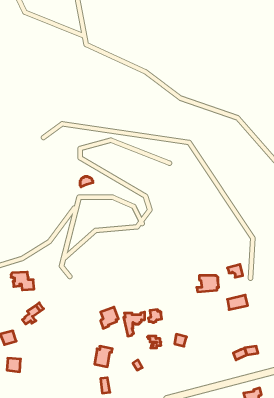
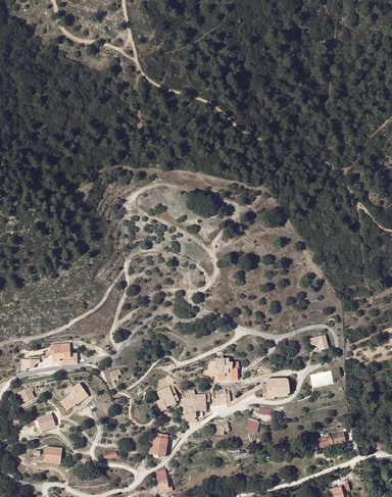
building: [197,276,219,292] -> [262,379,289,398]
building: none -> [206,359,238,382]

